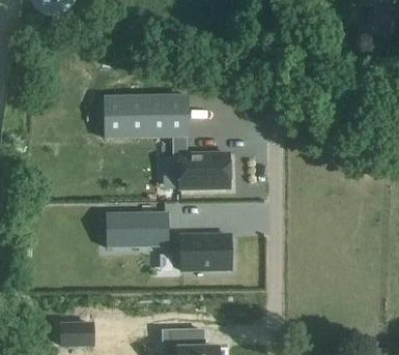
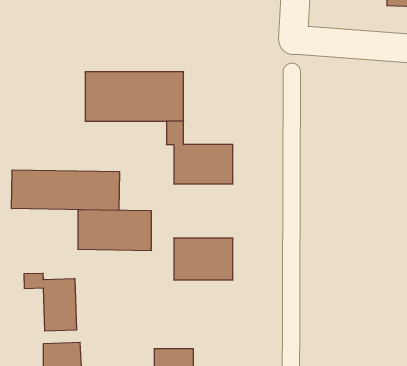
building: none -> [12,170,119,210]
building: none -> [24,273,76,331]

